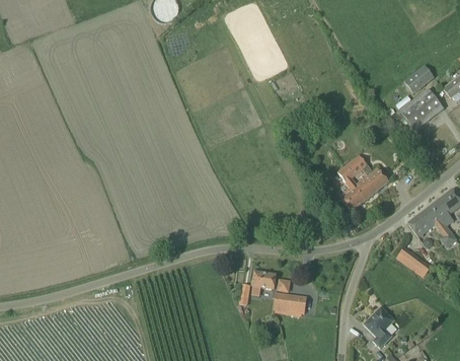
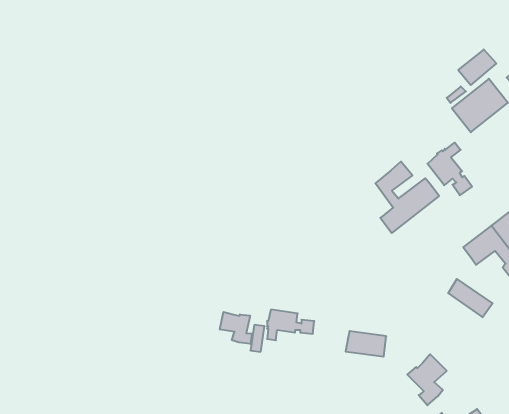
building: none -> [427,143,472,195]
building: none -> [220,312,252,344]
building: [273,293,305,313] -> [346,331,386,357]

